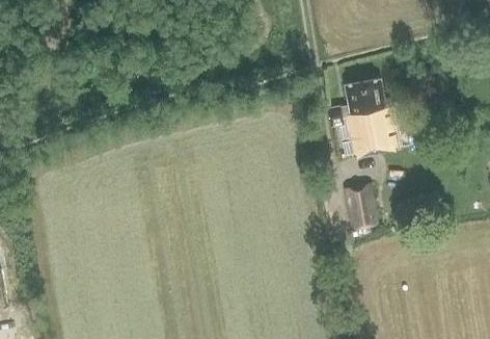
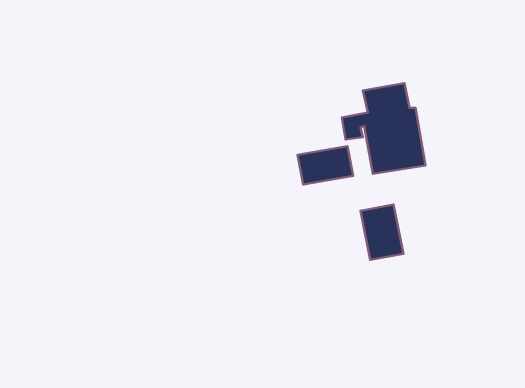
building: none -> [298,146,353,184]

